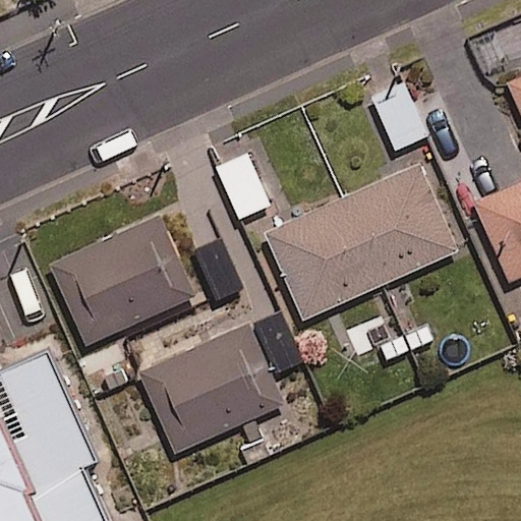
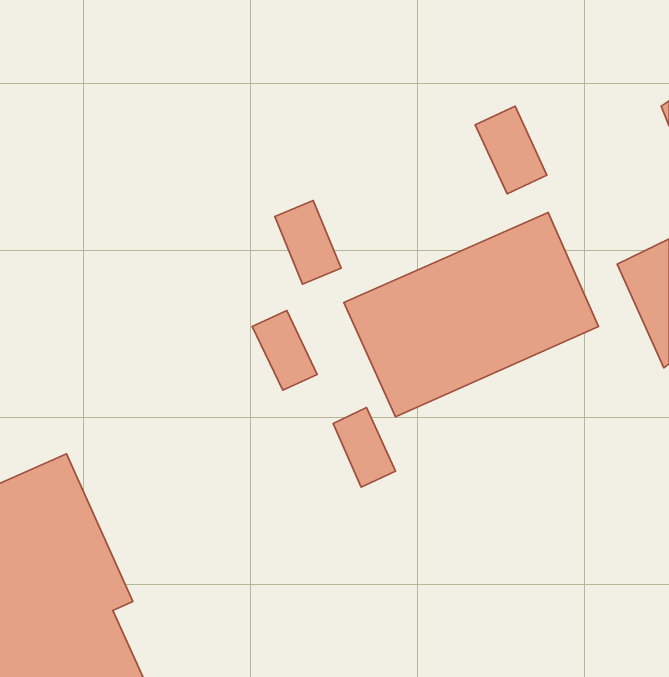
building: [48,216,193,346] -> none
building: [137,324,285,455] -> none

